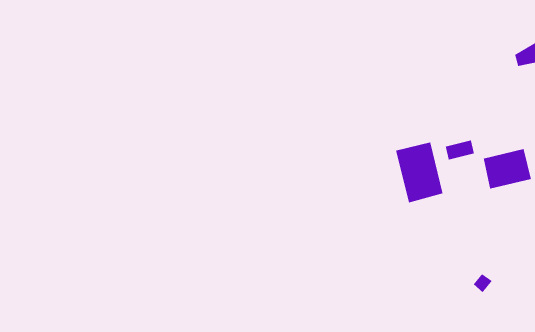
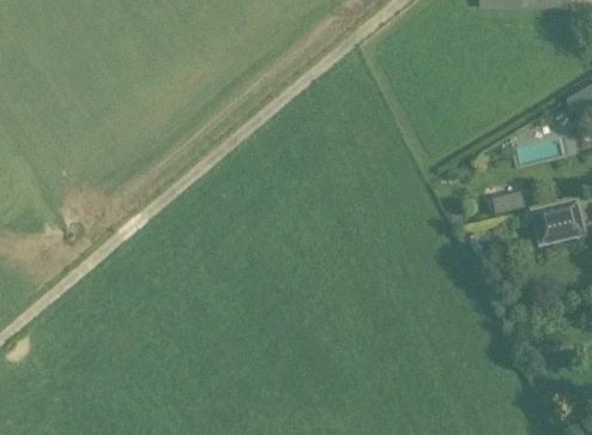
building: [395,142,444,204] -> none

